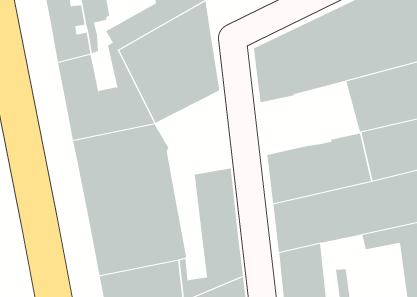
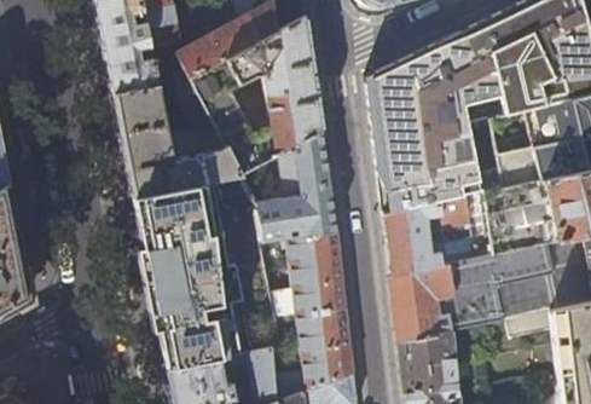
building: none -> [373,121,502,215]
building: none -> [239,133,337,244]

